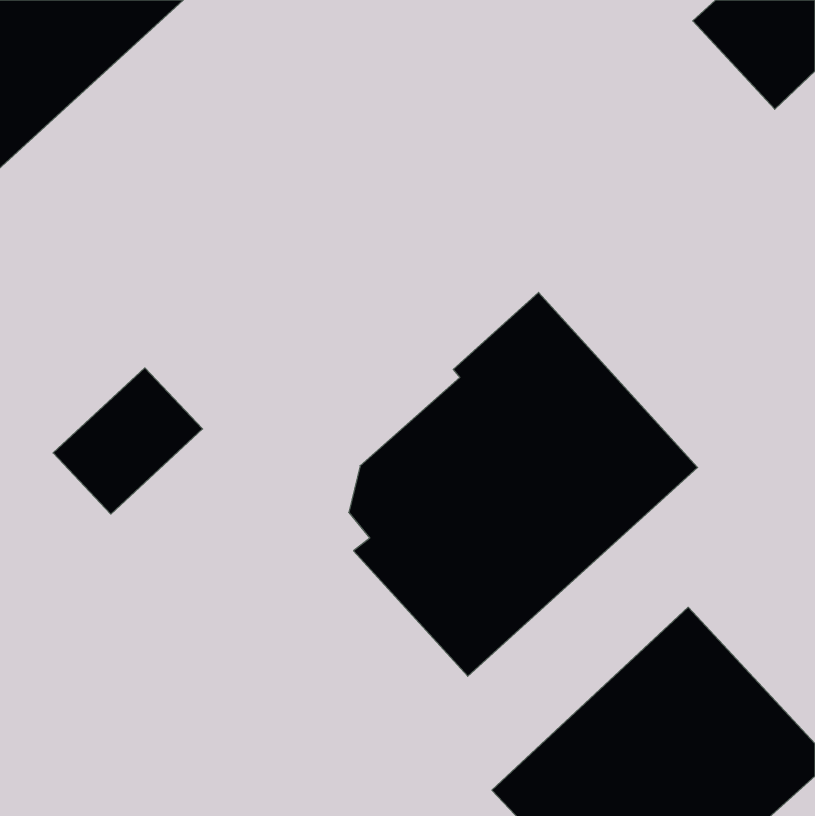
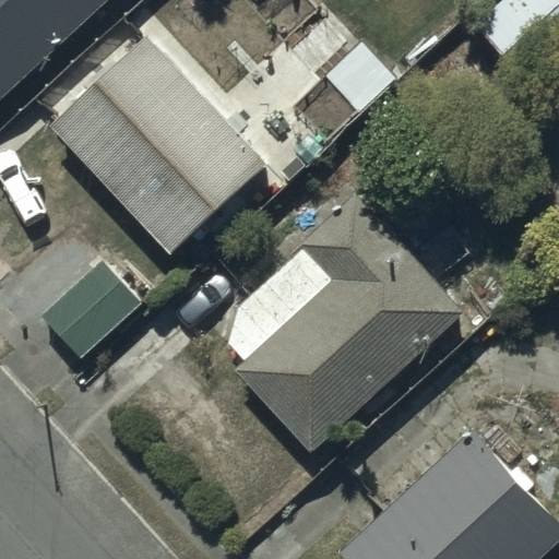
building: none -> [49,34,266,254]

